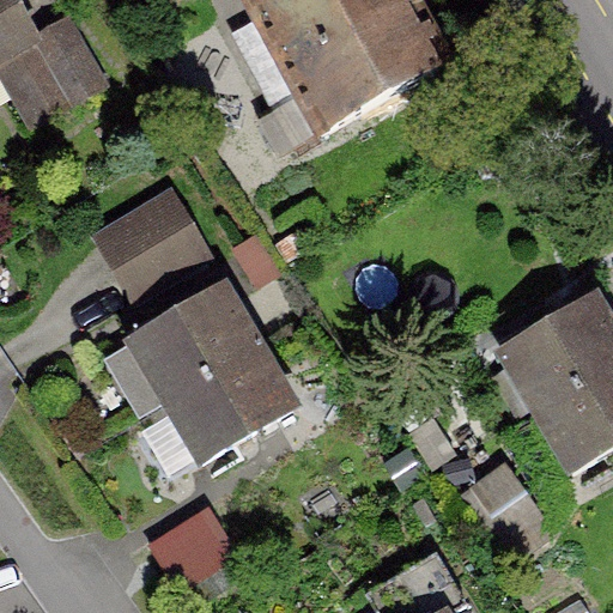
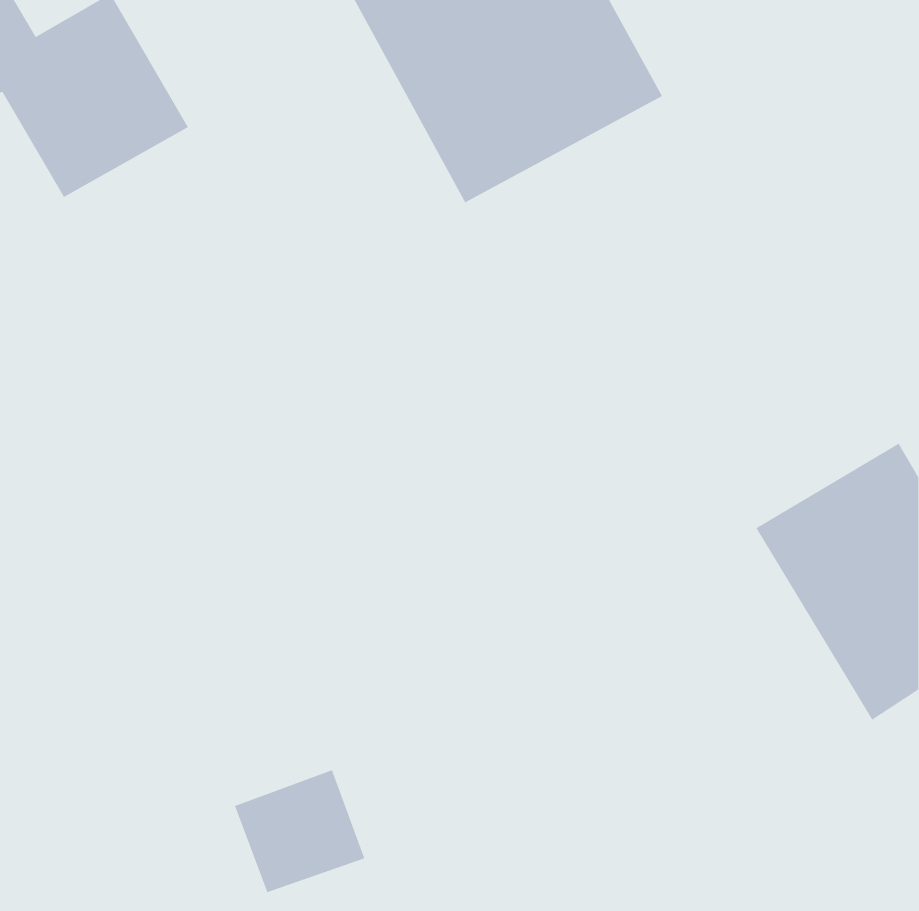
building: [87,182,223,322] -> none
building: [125,285,292,460] -> none

